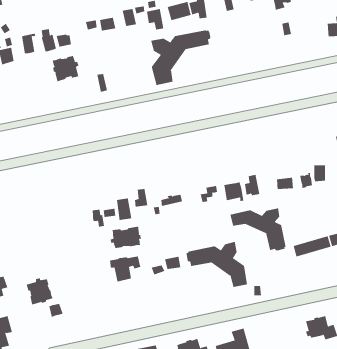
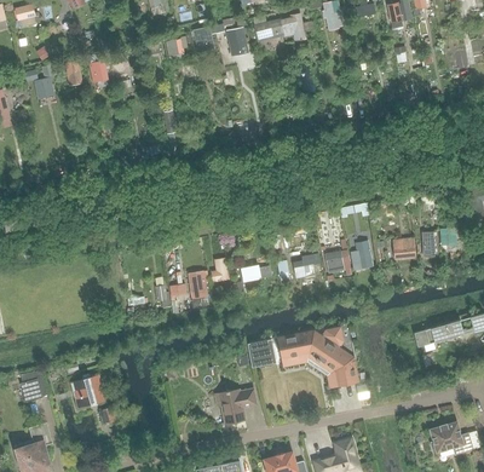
building: [151,29,211,86] -> none
building: [52,55,79,82] -> none
building: [230,207,286,251] -> none
building: [110,226,141,249] -> none
building: [109,256,141,282] -> [215,390,257,424]

